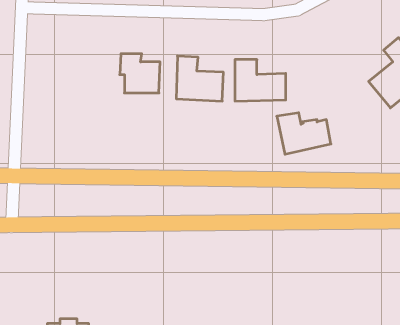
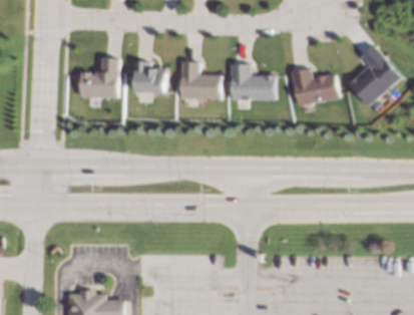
building: none -> [78,59,117,99]
building: [277,113,331,154] -> [291,70,338,106]

